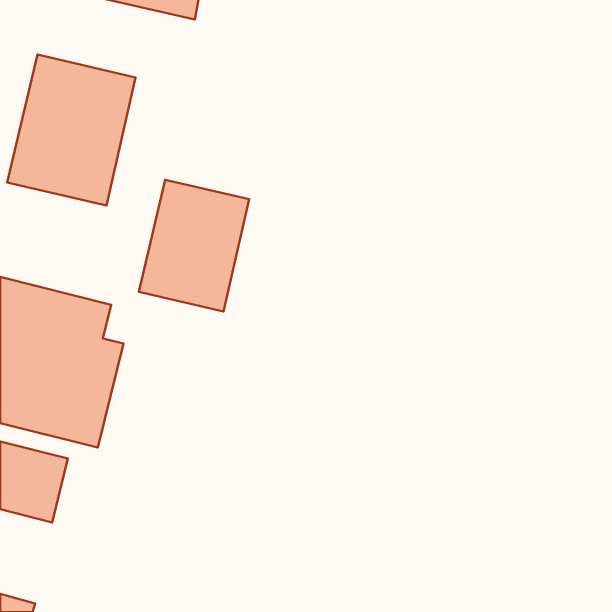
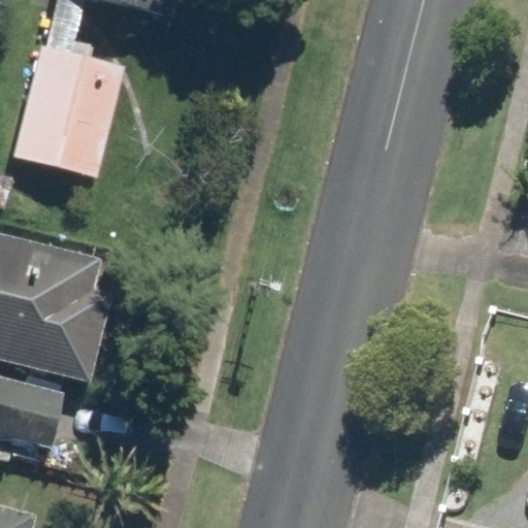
building: [139,180,249,312] -> none

